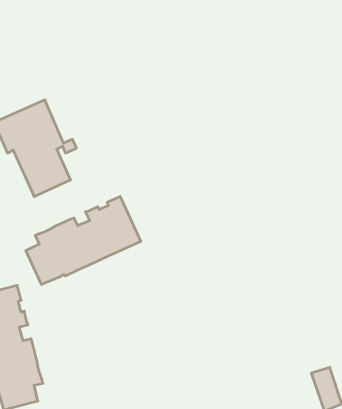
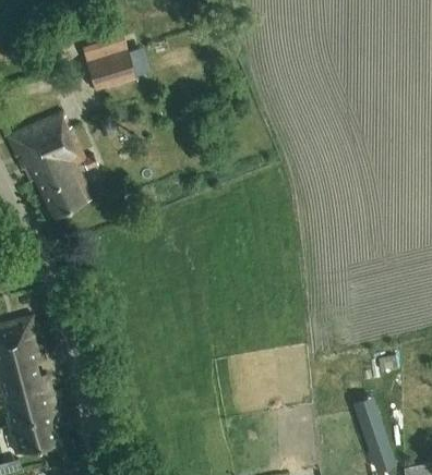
building: none -> [85,49,135,90]
building: [26,196,141,285] -> none

